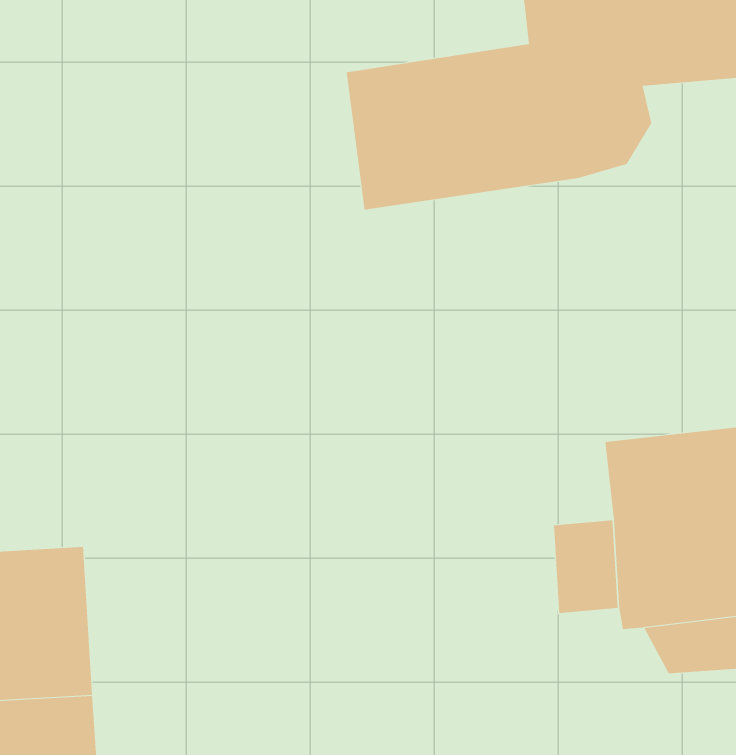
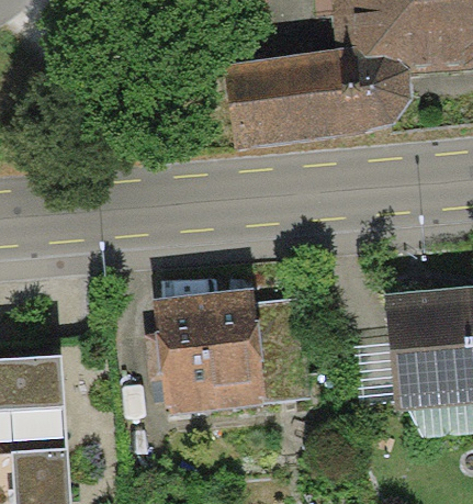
building: none -> [155,290,312,415]

